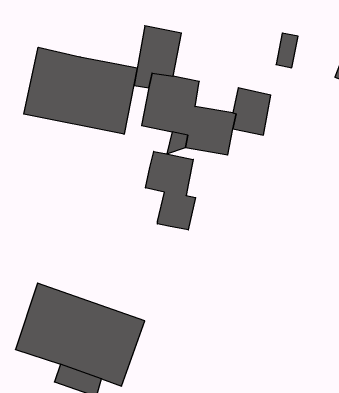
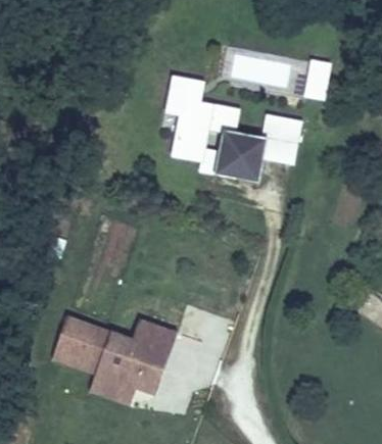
building: [24,47,137,134] -> none
building: [146,151,196,230] -> none

